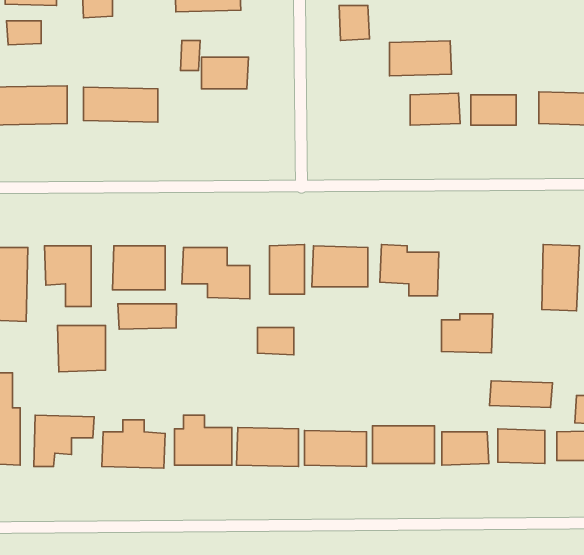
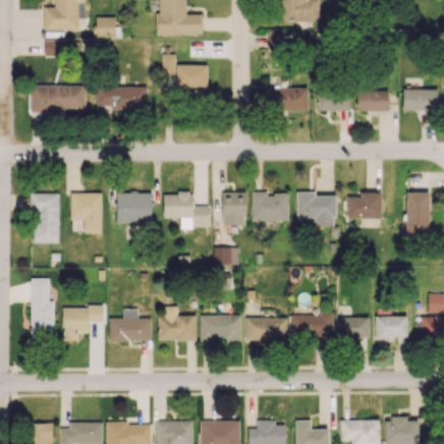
building: [390,41,452,76] -> [267,88,309,111]
building: [118,304,177,329] -> none
building: [442,314,493,353] -> [347,192,382,219]
building: [58,326,106,372] -> none
building: [489,381,552,407] -> none

